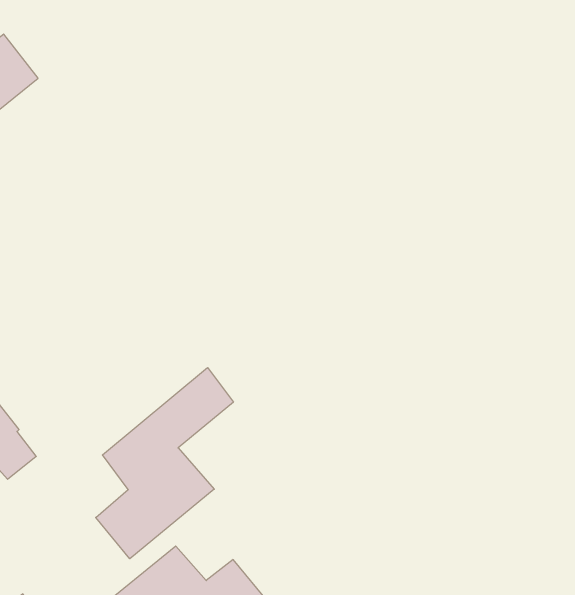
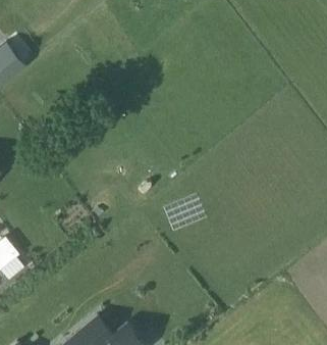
building: [96,368,233,559] -> none

